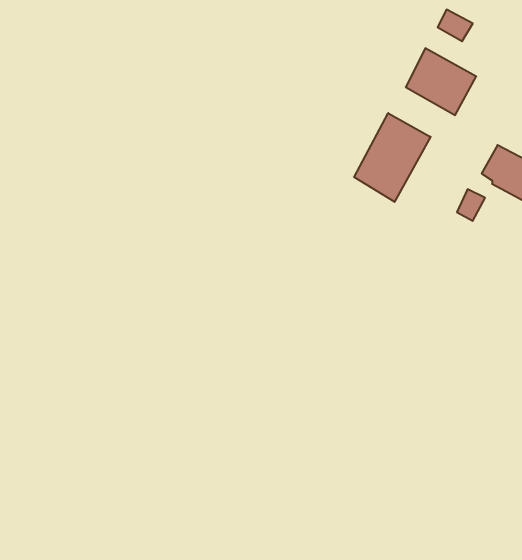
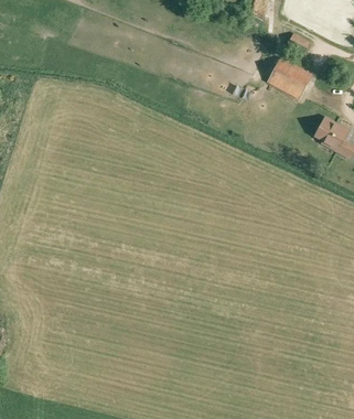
building: [354,113,431,202] -> none

